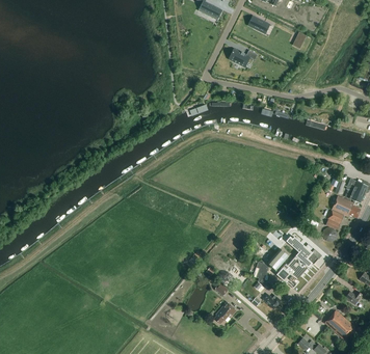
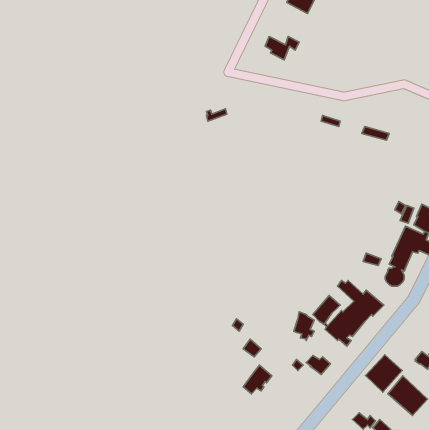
building: none -> [365,355,402,392]

